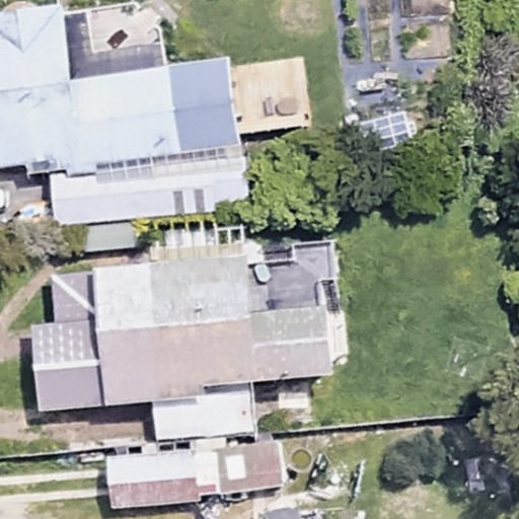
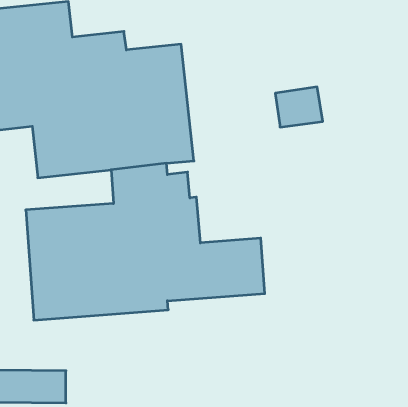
building: [110,434,274,508] -> none

